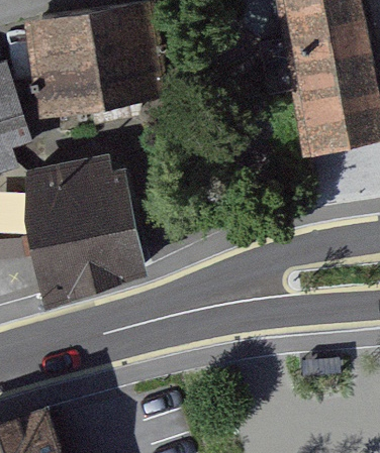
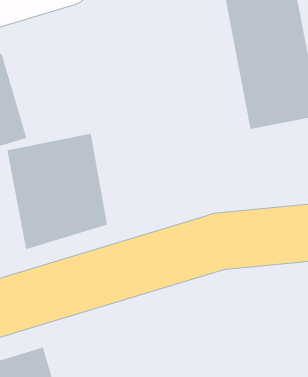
building: [31,7,158,118] -> none

